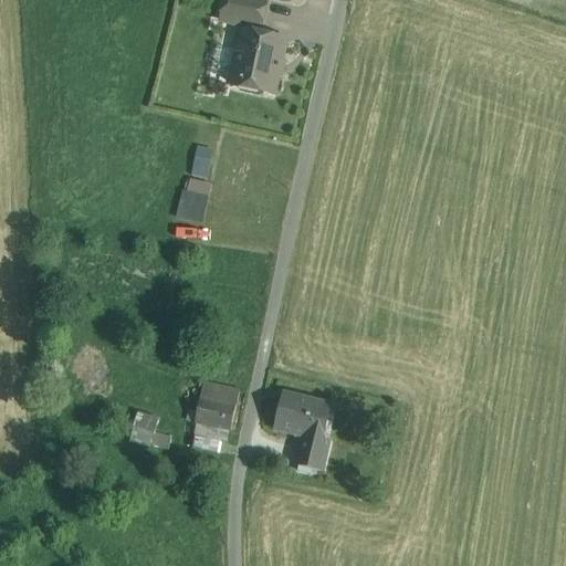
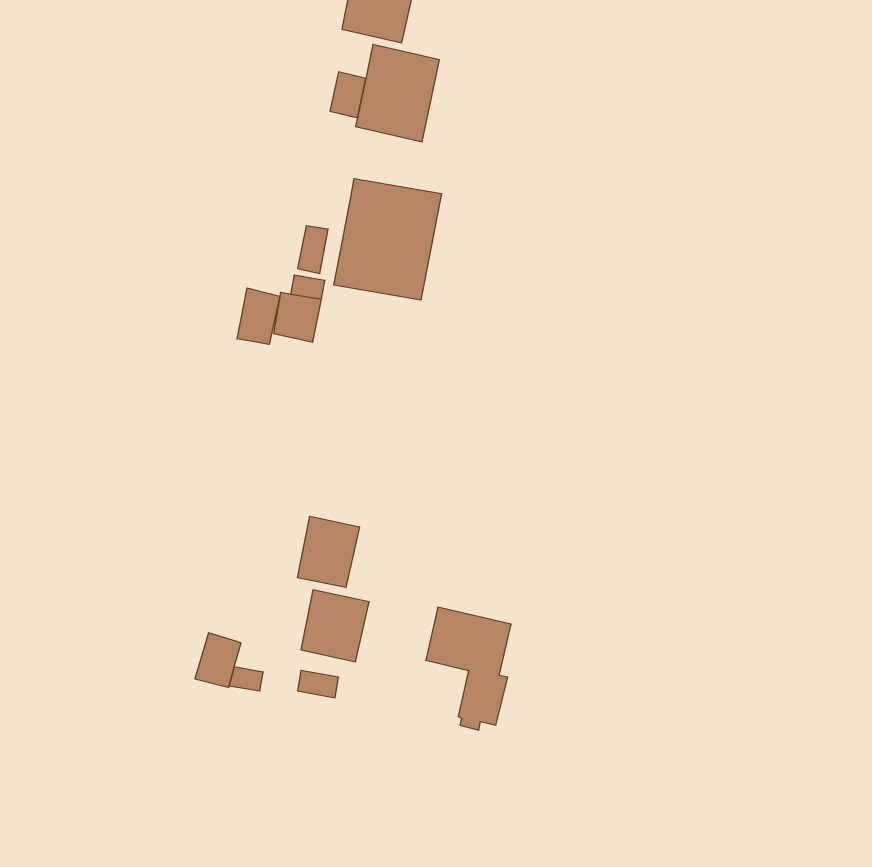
building: none -> [334,179,442,300]
building: none -> [237,288,280,344]
building: none -> [298,516,359,588]

